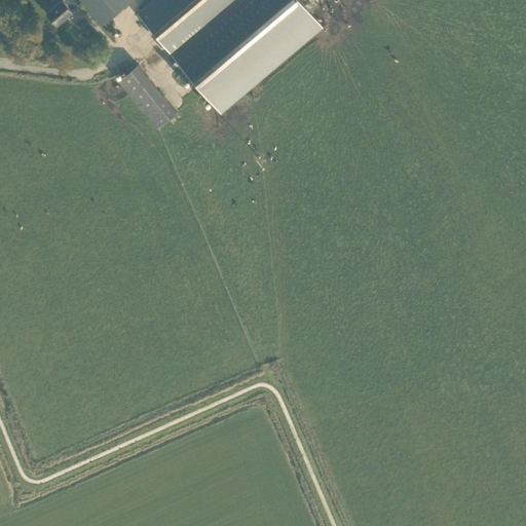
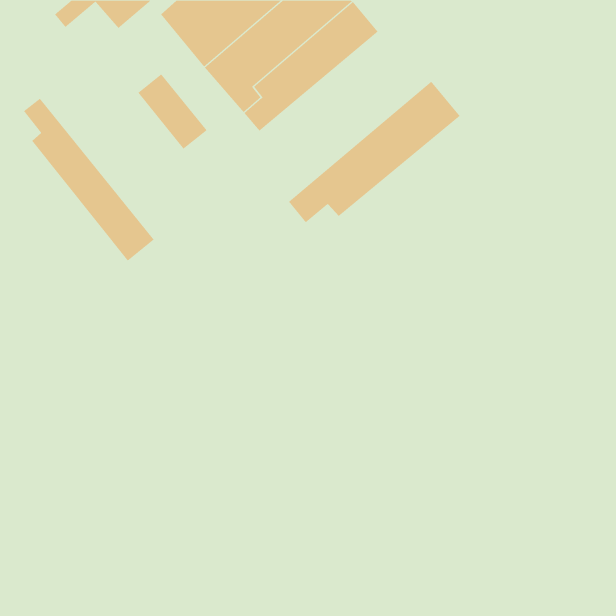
building: none -> [288,81,461,223]
building: none -> [23,98,155,262]

